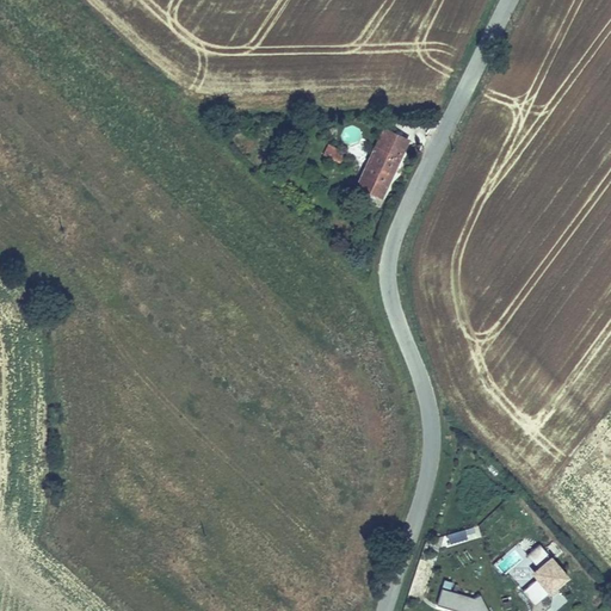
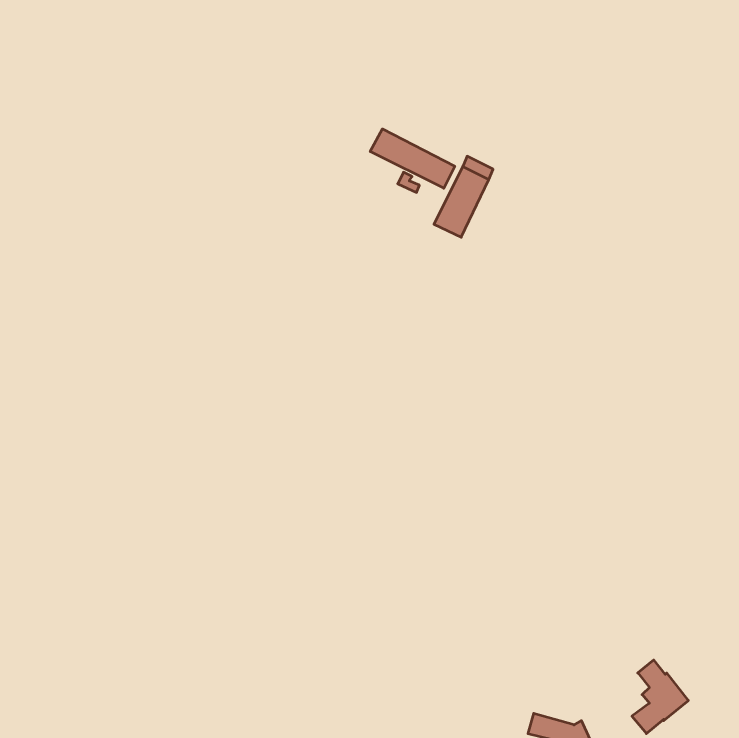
building: none -> [370,129,455,188]

